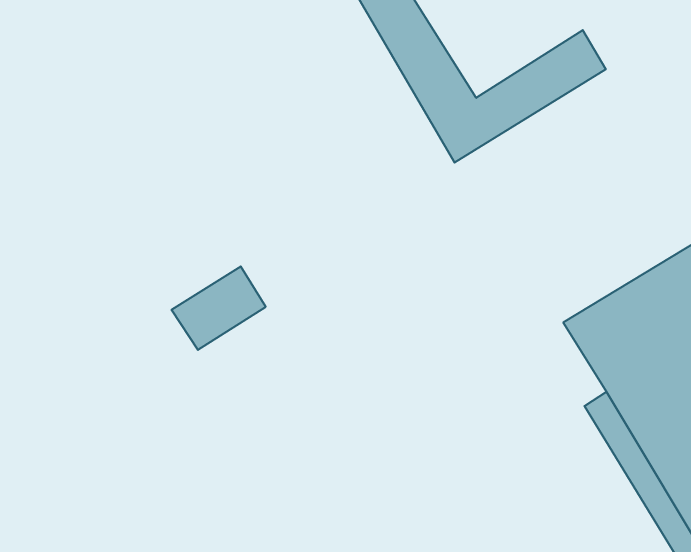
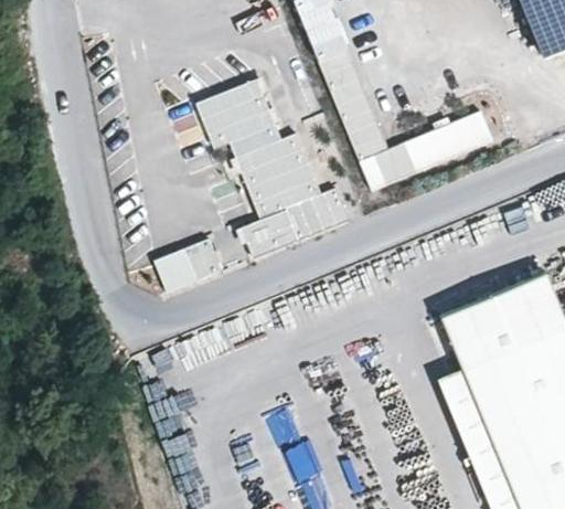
building: none -> [194,79,350,258]

